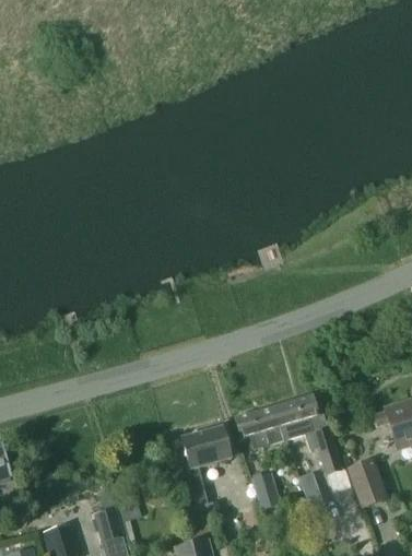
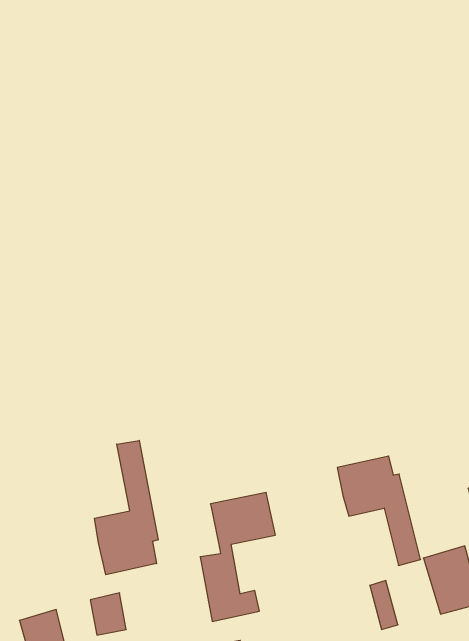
building: none -> [95,440,158,575]
building: [234,404,285,449] -> none
building: [251,472,280,510] -> none

